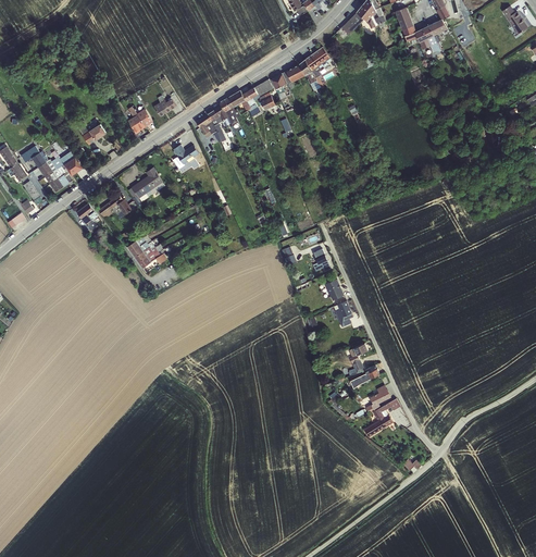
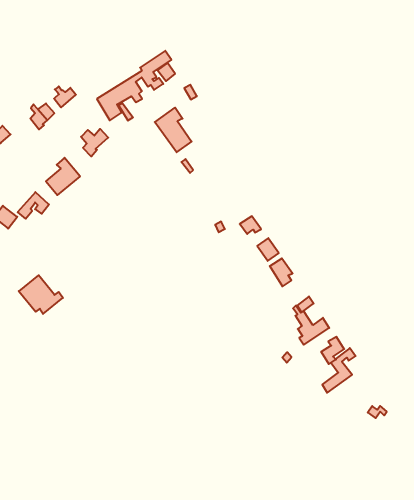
building: [284,47,329,90] -> none
building: none -> [155,108,192,152]
building: [126,233,167,271] -> [19,275,63,314]

